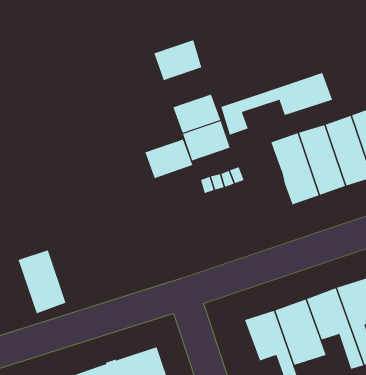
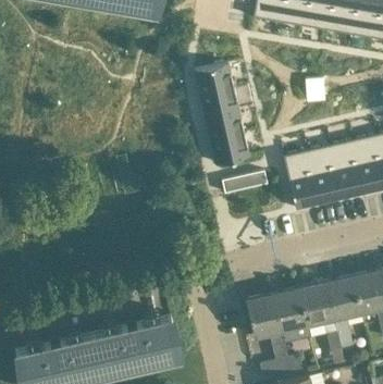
building: [221,72,333,135] -> none
building: [145,139,193,179] -> [199,87,238,117]
building: [18,250,66,314] -> none

